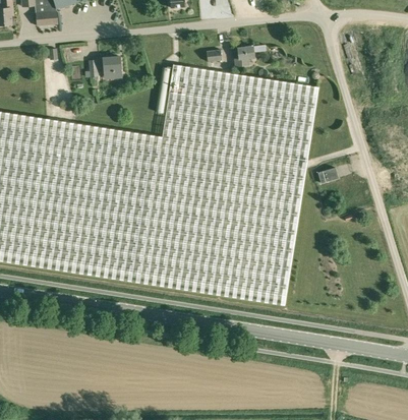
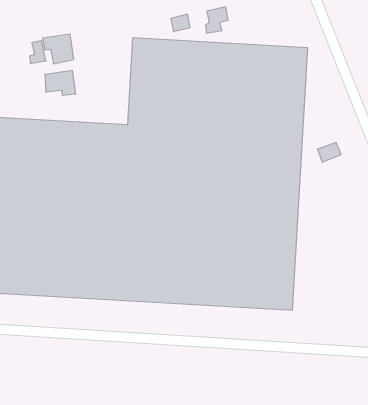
building: none -> [45,70,76,96]

